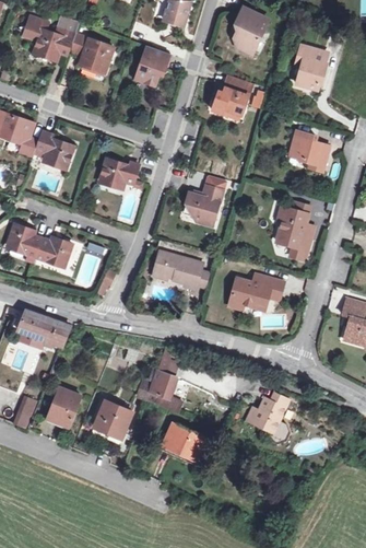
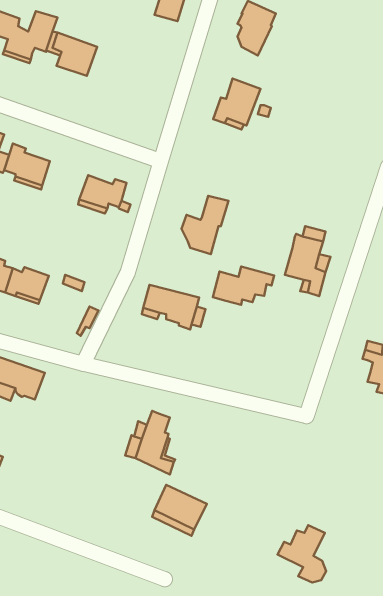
building: [135,45,170,85] -> none
building: [296,45,326,89] -> none
building: [288,130,329,171] -> none
building: [229,273,282,306] -> [213,266,274,305]
building: [47,386,81,428] -> none
building: [248,394,290,443] -> [278,525,326,583]
building: [93,399,132,439] -> none

